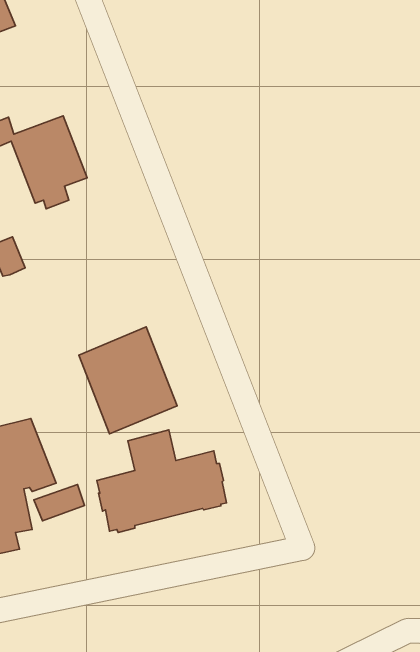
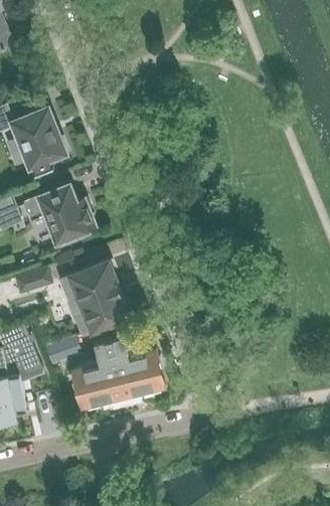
building: none -> [23,185,93,246]
building: none -> [14,267,52,295]
building: [34,484,85,521] -> [44,338,80,364]

